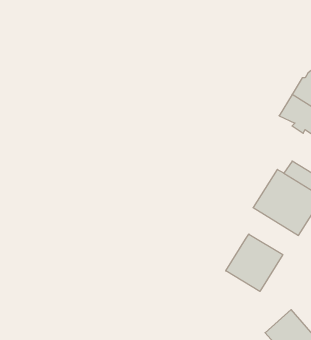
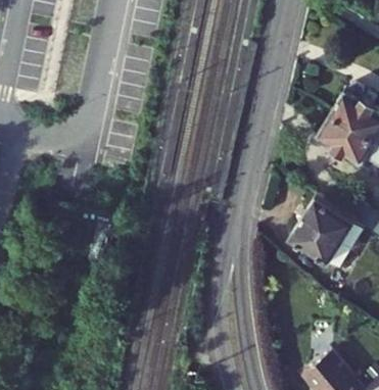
building: [226,234,283,291] -> none

